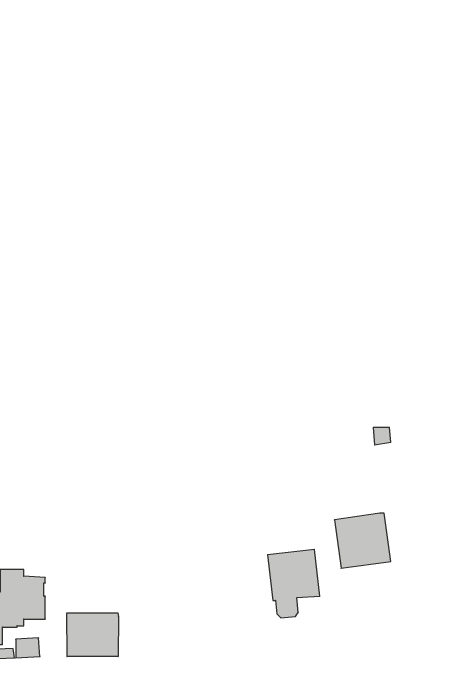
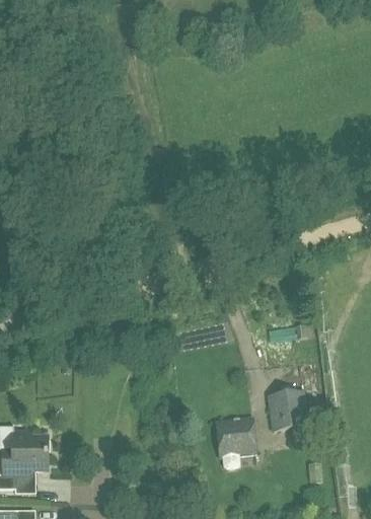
building: [67,613,118,657] -> none

